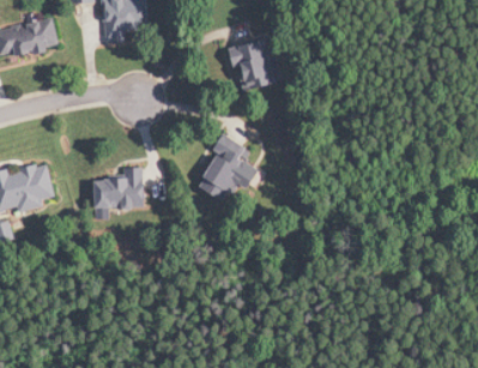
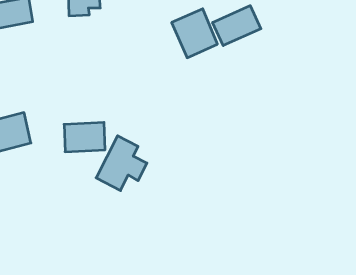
building: none -> [213,6,261,46]
building: [196,135,259,203] -> [96,136,147,191]

